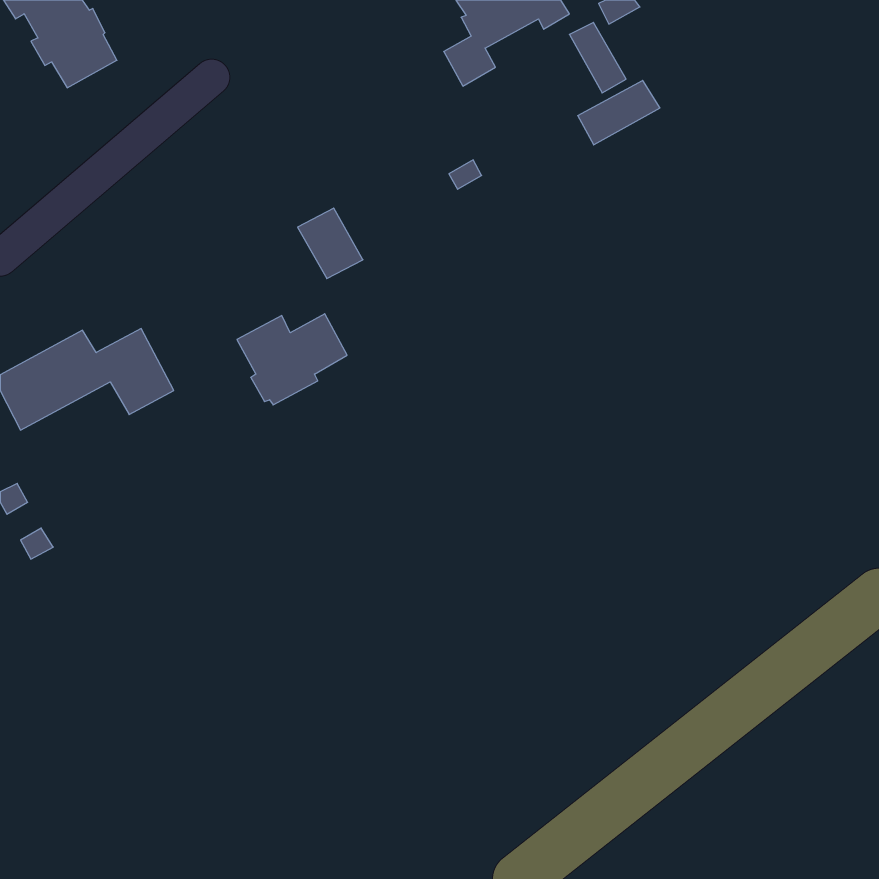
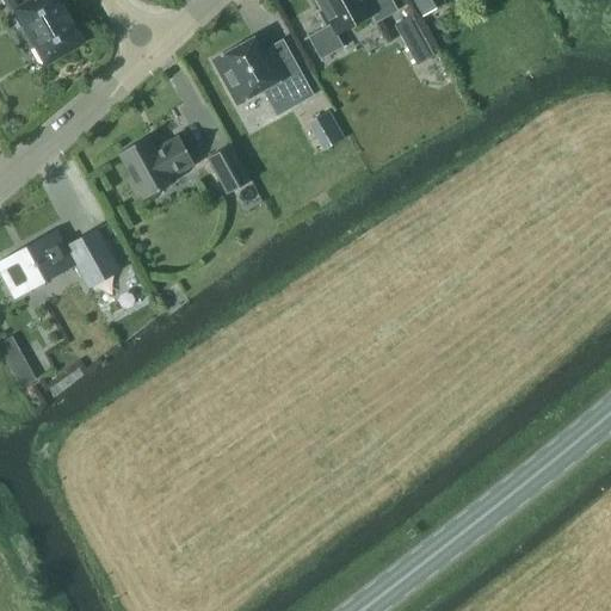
building: none -> [214,37,313,113]
building: [578,80,660,145] -> none
building: [237,314,347,405] -> [118,135,195,198]

